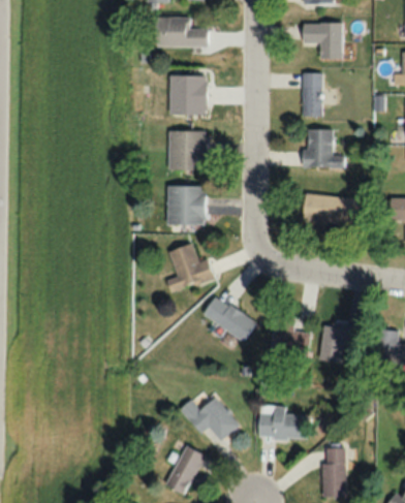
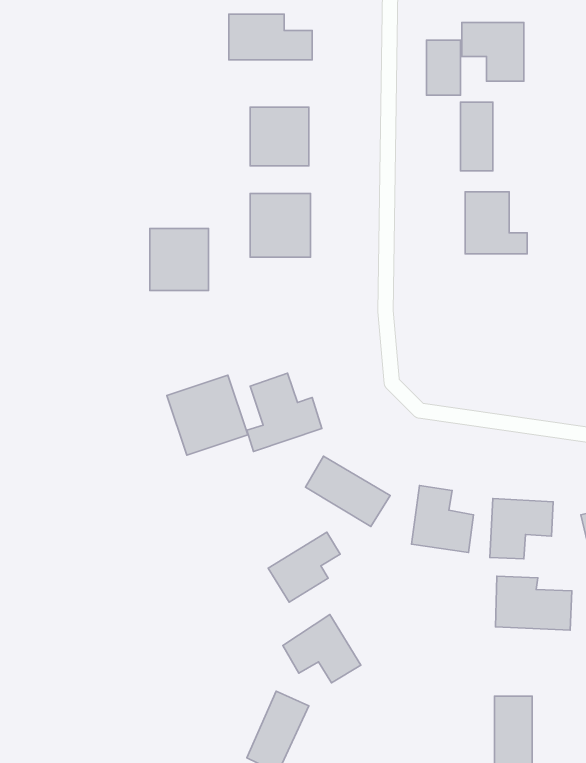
building: none -> [427,40,461,95]
building: [167,186,205,225] -> [150,229,209,291]
building: [303,194,360,225] -> none
building: none -> [167,375,248,455]
building: none -> [268,532,340,602]
building: [259,405,308,439] -> [495,576,572,630]

